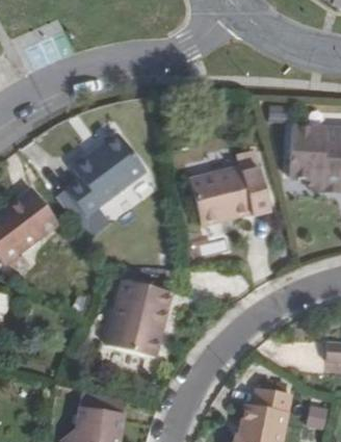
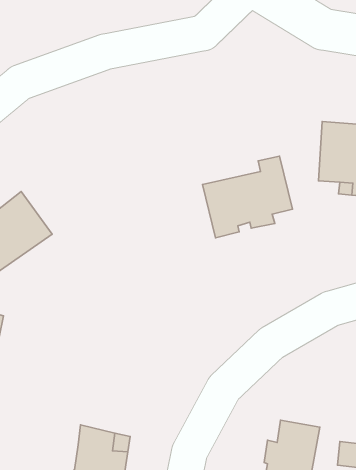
building: [69,139,149,220] -> none
building: [104,280,169,357] -> none

